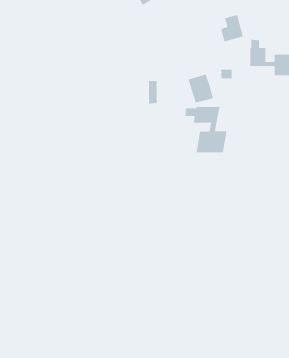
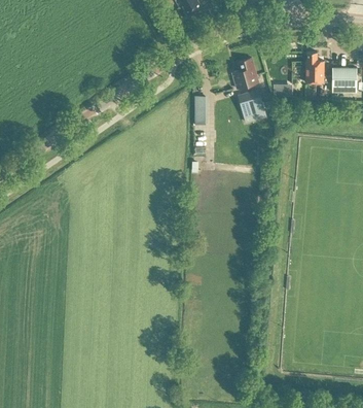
building: [220,14,243,42] -> [232,57,258,88]
building: [185,106,228,153] -> none

